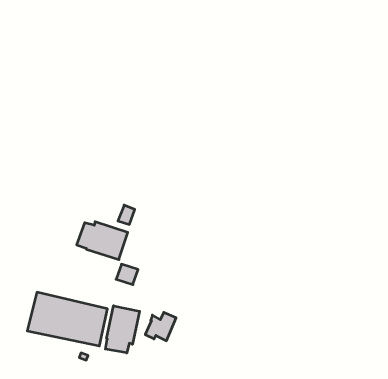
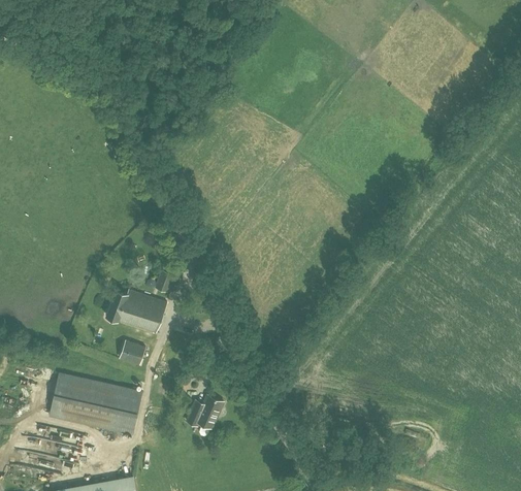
building: [116,264,138,285] -> [120,340,145,364]
building: [105,306,140,353] -> none

